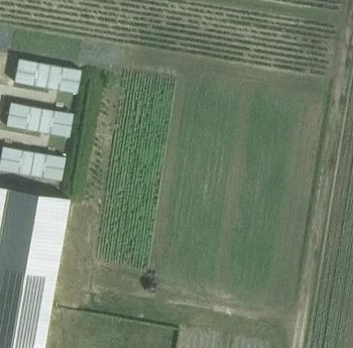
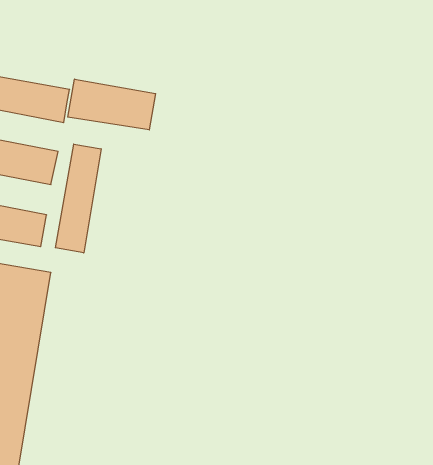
building: none -> [68,79,156,130]
building: none -> [55,144,101,253]

